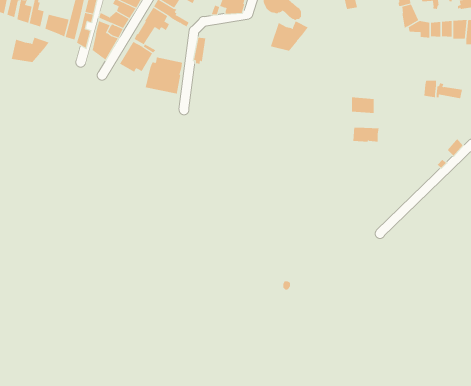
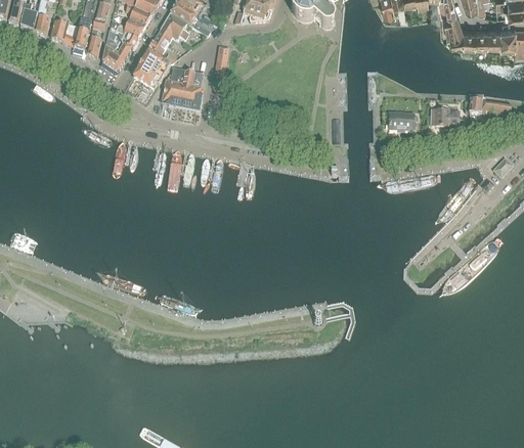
building: [270,21,308,51] -> none
building: [11,37,49,63] -> none
building: [353,127,380,142] -> [431,109,461,126]

